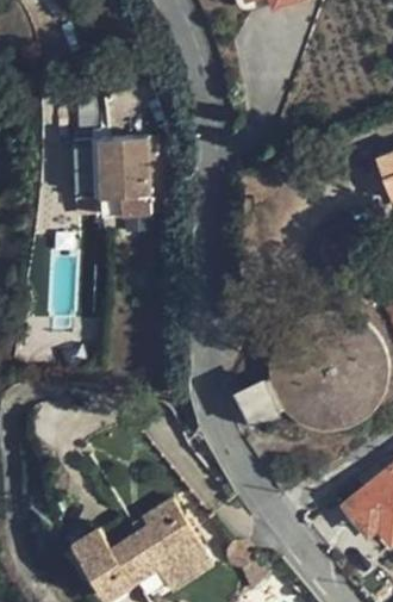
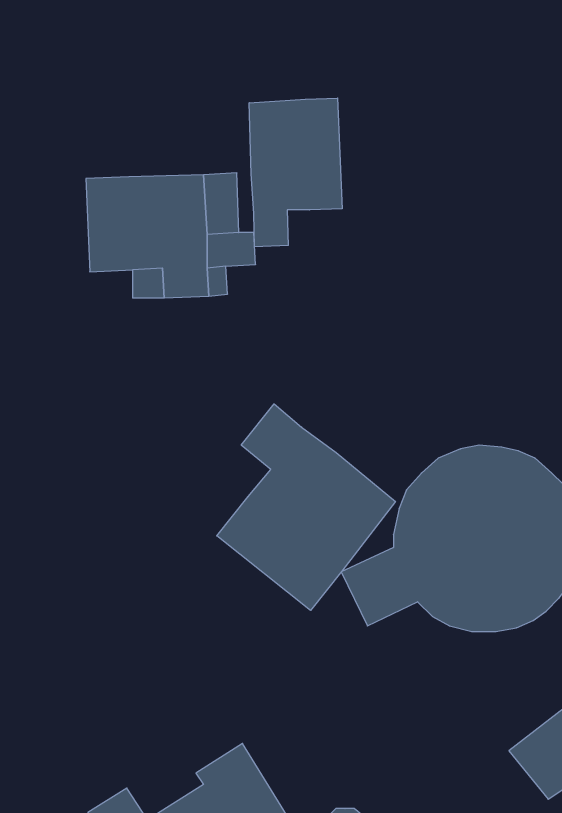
building: none -> [249,98,342,247]
building: none -> [217,404,395,610]

